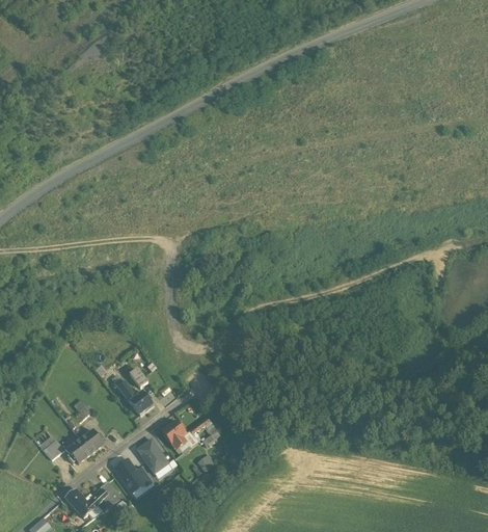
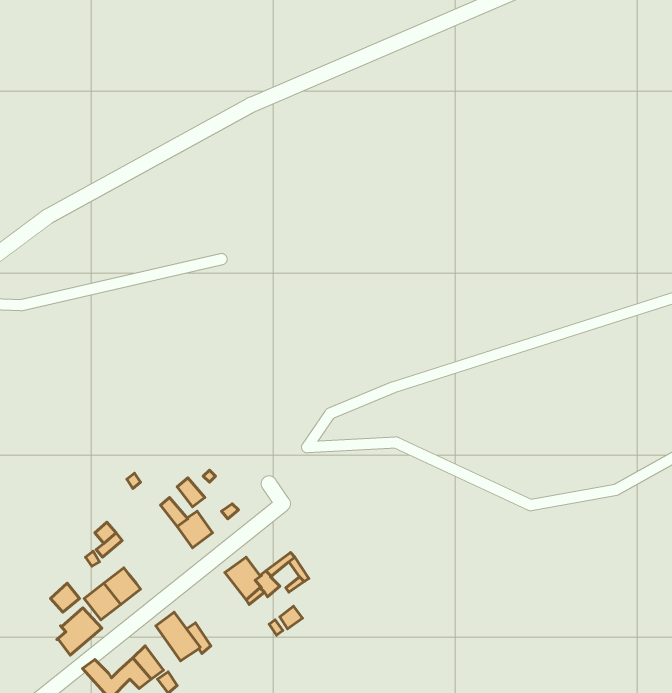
building: [137,440,167,473] -> none
building: none -> [57,608,102,655]

